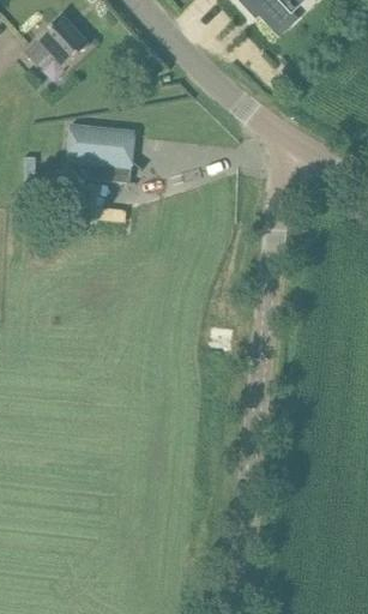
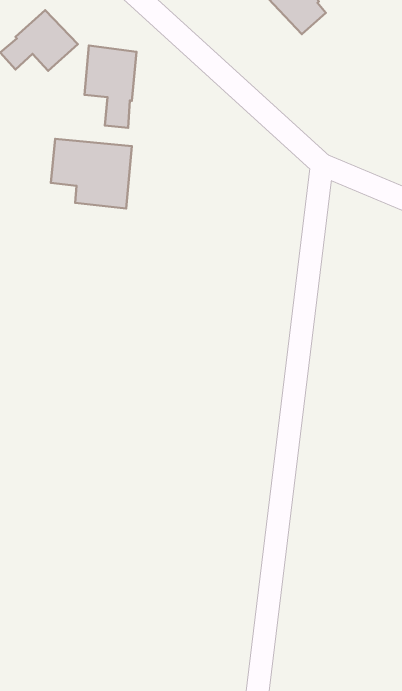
building: none -> [84,46,136,128]

